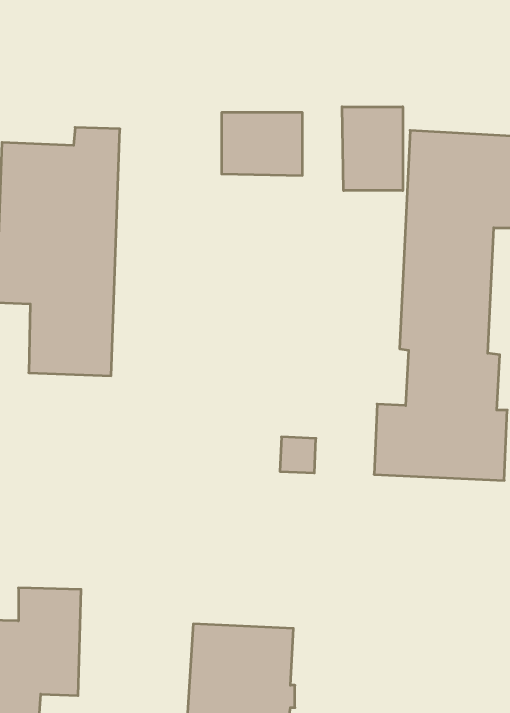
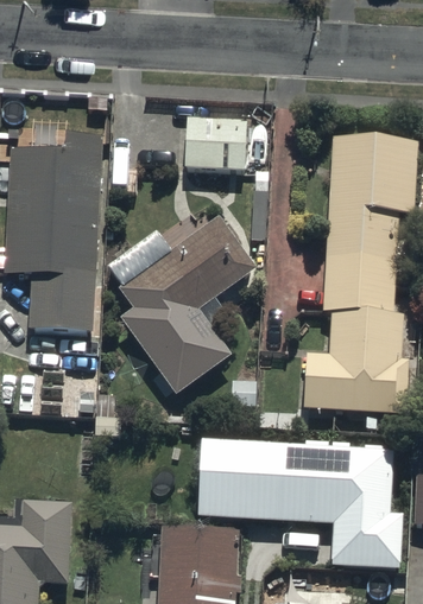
building: [342,107,403,191] -> none
building: none -> [118,214,258,393]
building: none -> [197,438,403,566]

